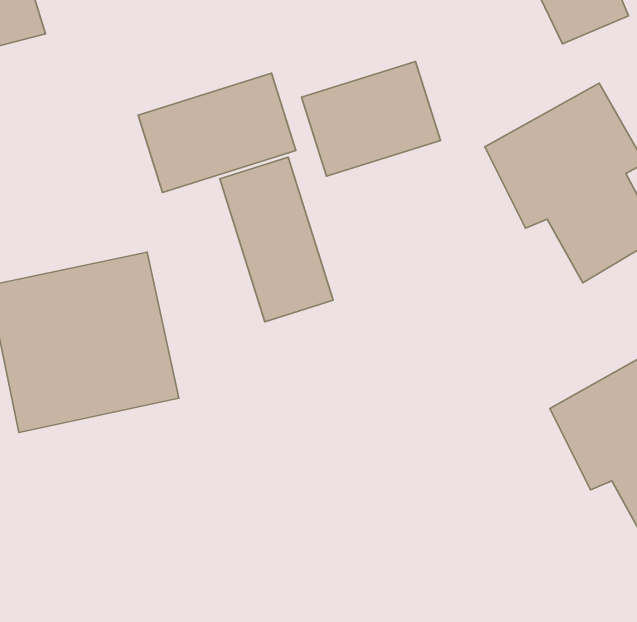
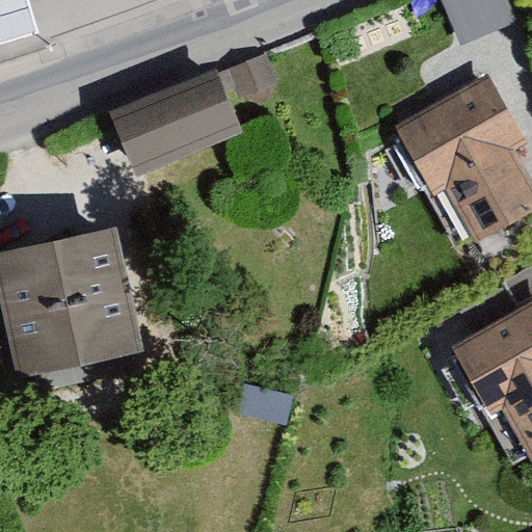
building: [302,61,440,176] -> none
building: [220,157,333,322] -> none

